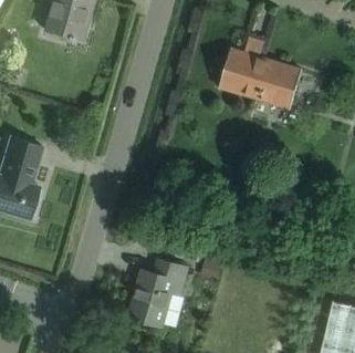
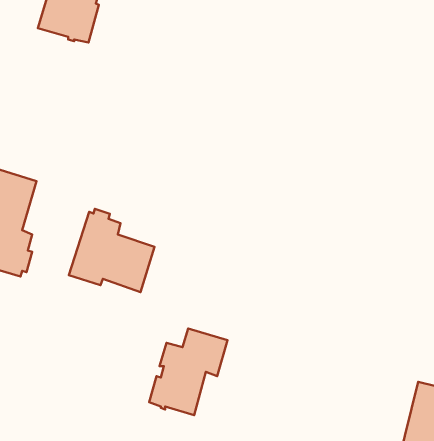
building: [219,48,302,108] -> none
building: none -> [69,209,155,292]

